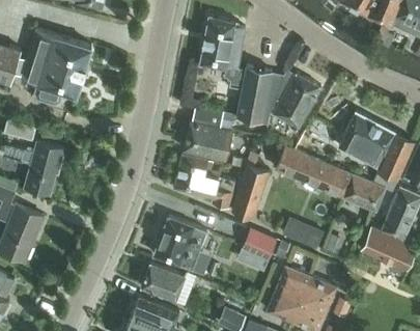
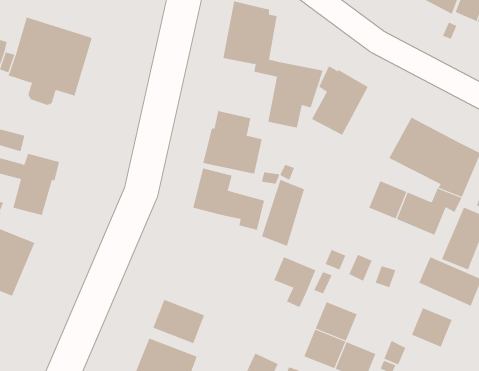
building: [276,147,330,189] -> none
building: [153,218,206,271] -> none
building: [302,277,336,310] -> [411,307,453,347]

